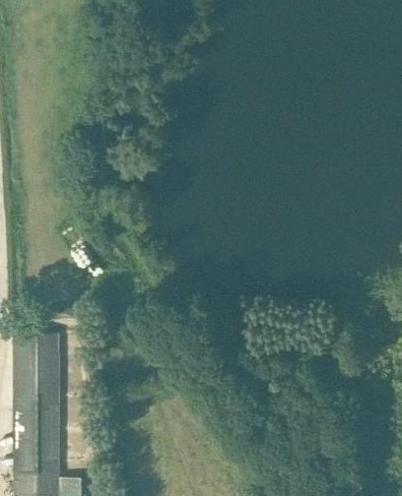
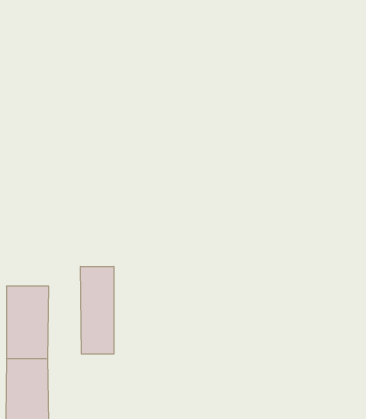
building: none -> [81,266,114,354]

